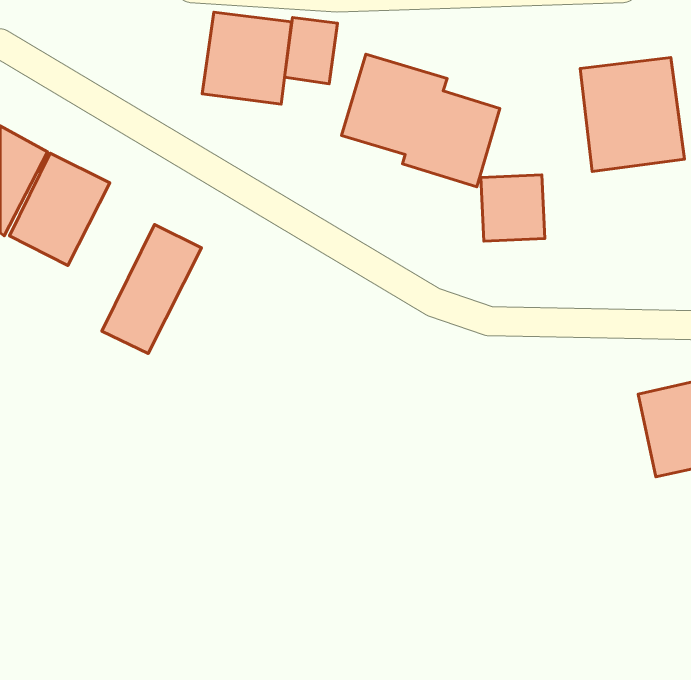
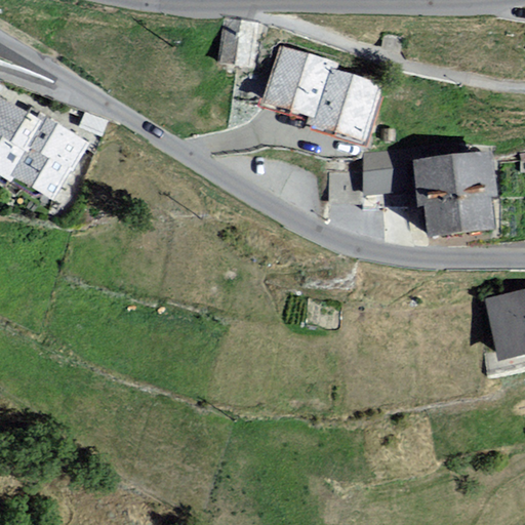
building: [202,12,291,104] -> none
building: [580,58,684,171] -> [416,154,495,240]
building: [102,225,201,354] -> none

